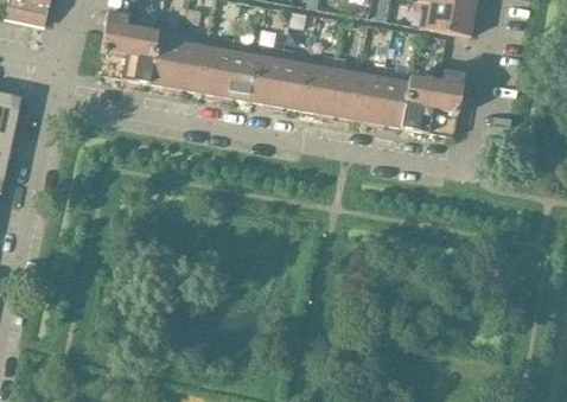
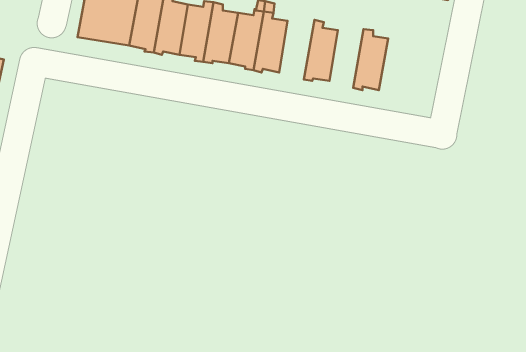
building: [300,55,336,116] -> none
building: [351,63,386,125] -> none
building: [401,69,464,135] -> none

